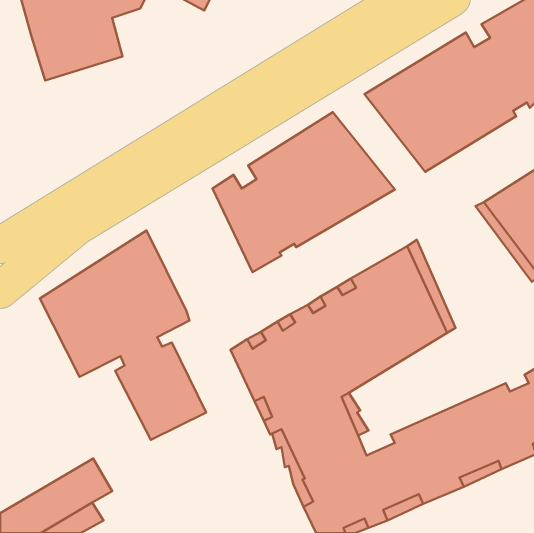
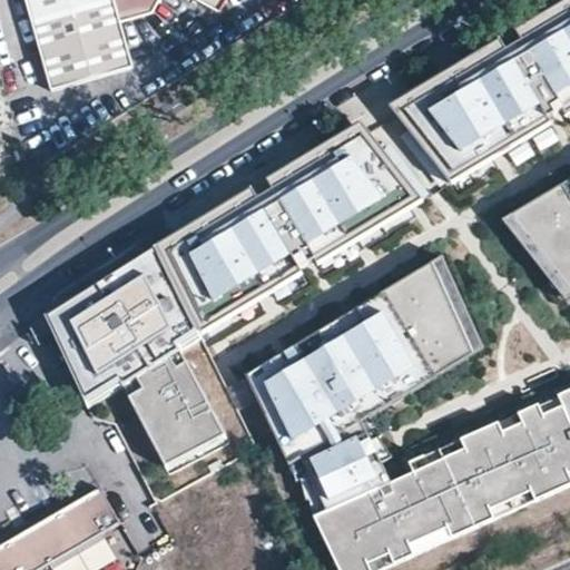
building: none -> [157,200,269,331]

